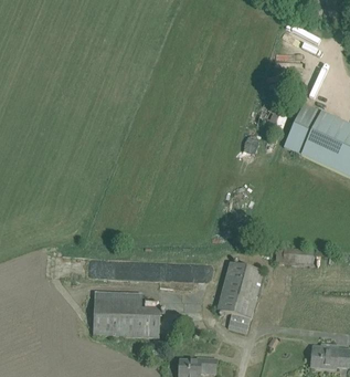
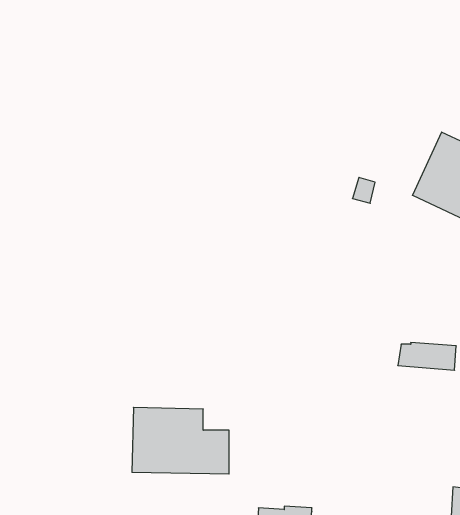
building: [218,262,264,333] -> none

